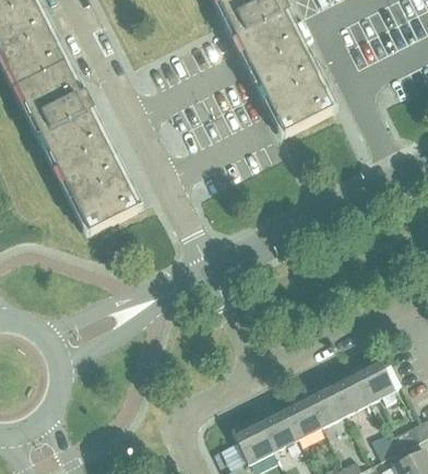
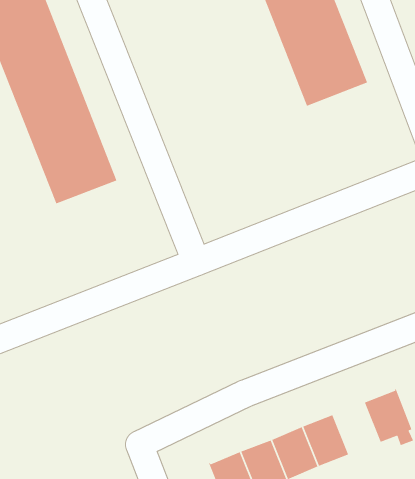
building: [332,370,372,414] -> none

